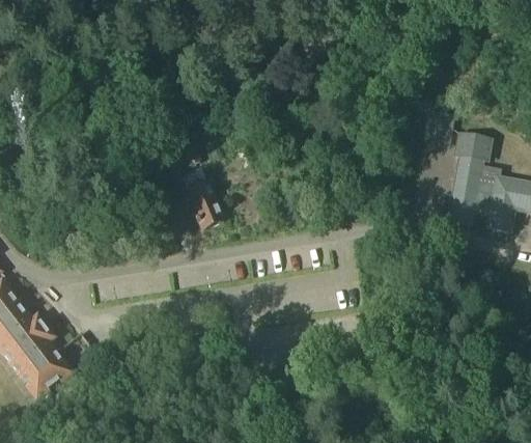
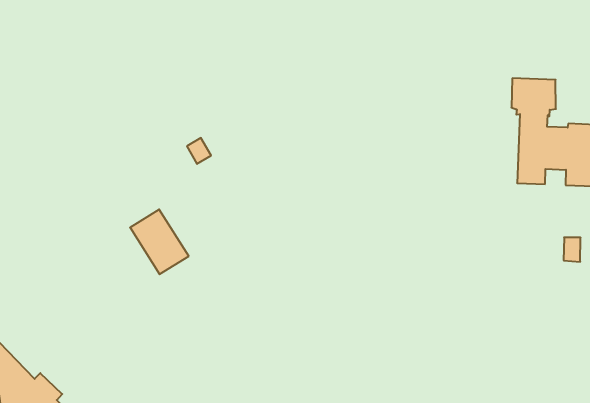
building: [184,176,228,229] -> [130,209,189,274]

